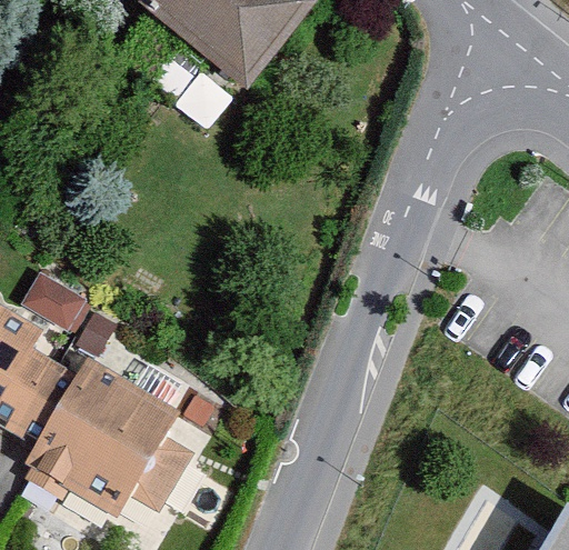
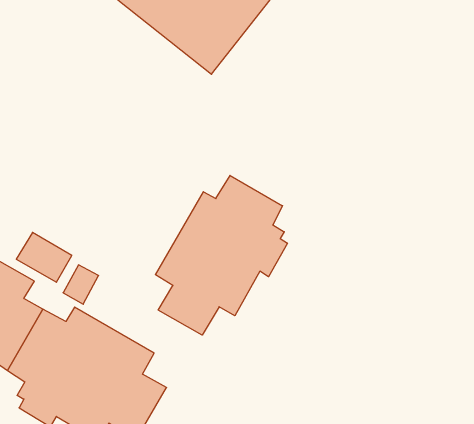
building: none -> [155,175,287,335]

